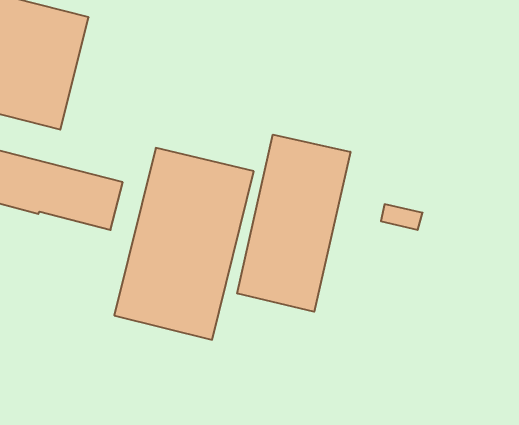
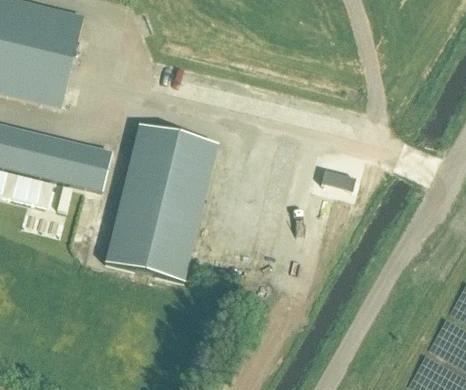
building: [237,135,350,312] -> none

